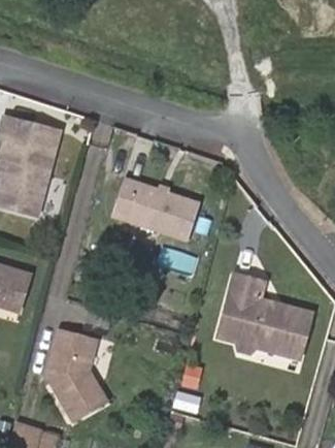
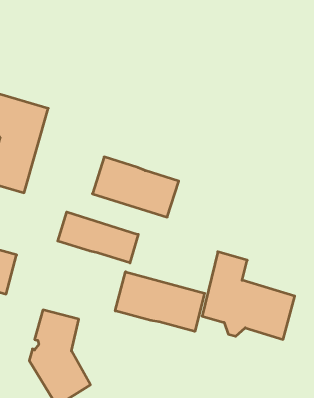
building: none -> [58,212,138,263]
building: none -> [115,272,205,331]

